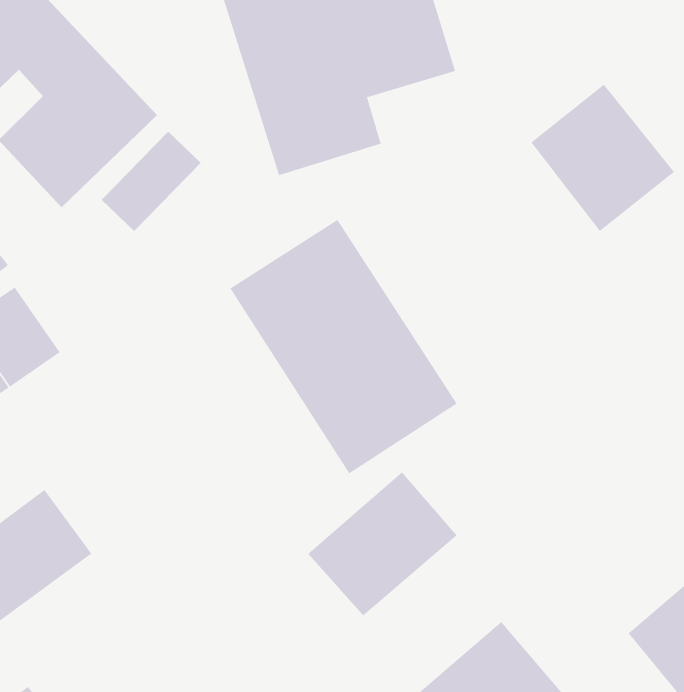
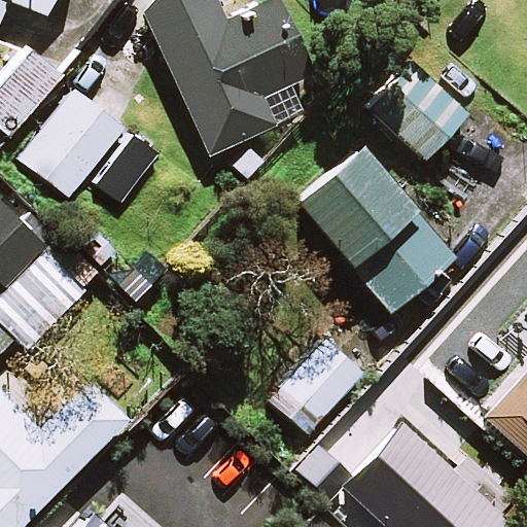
building: [229,219,458,474] -> [293,148,453,313]

